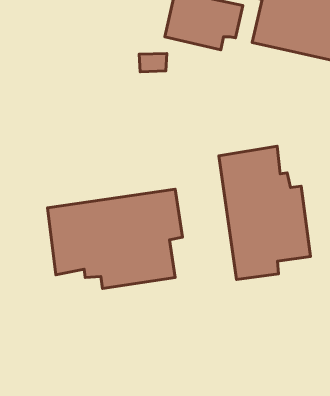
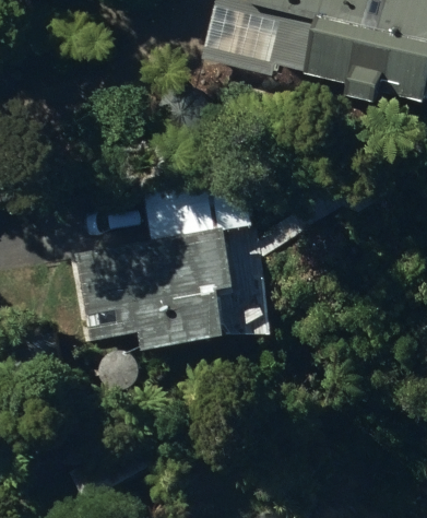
building: [219,146,311,279] -> none

